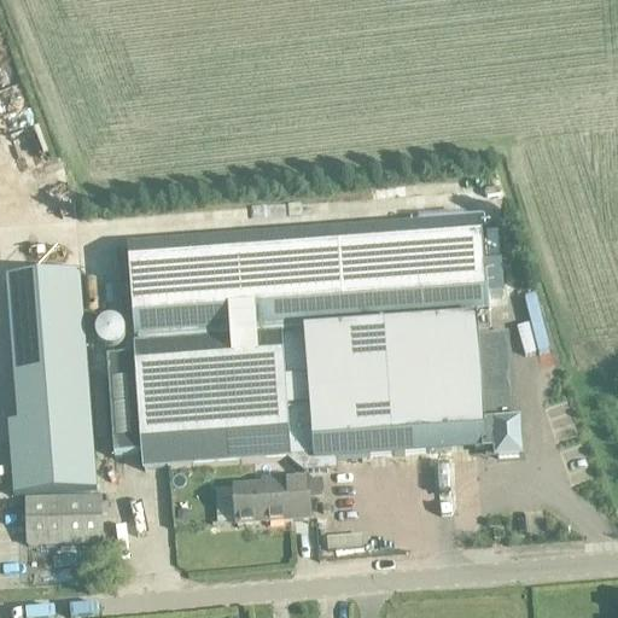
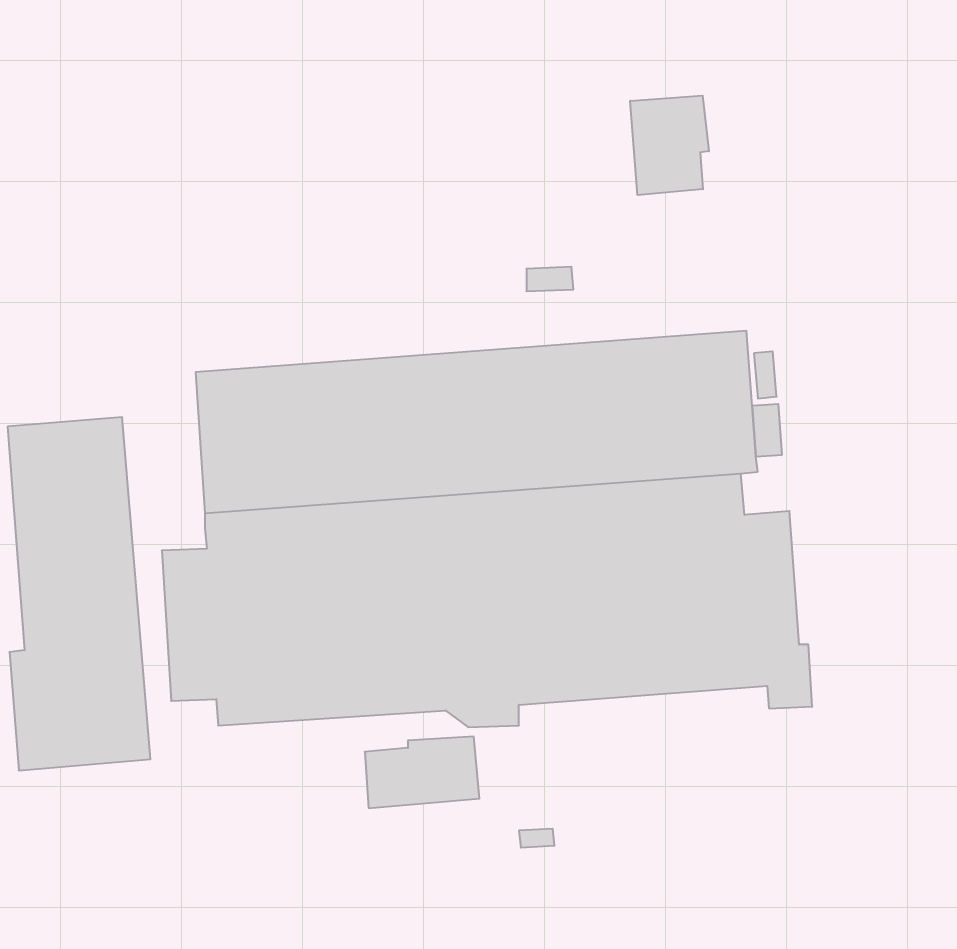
building: none -> [630,96,709,195]
building: [24,494,100,541] -> none

